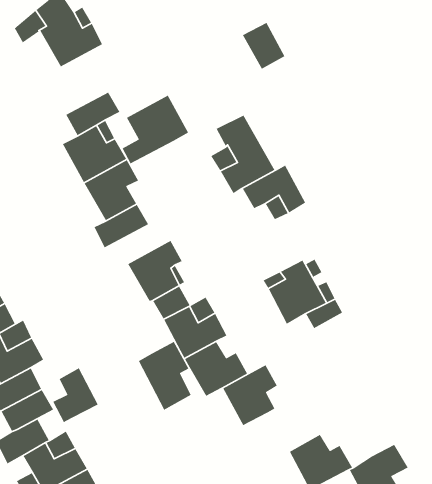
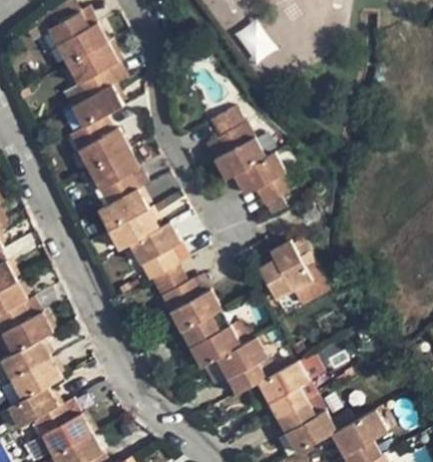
building: [121,95,189,164] -> [64,43,126,107]
building: none -> [108,208,160,250]
building: [138,341,192,411] -> none
building: [52,367,99,423] -> none
building: none -> [259,361,308,417]

